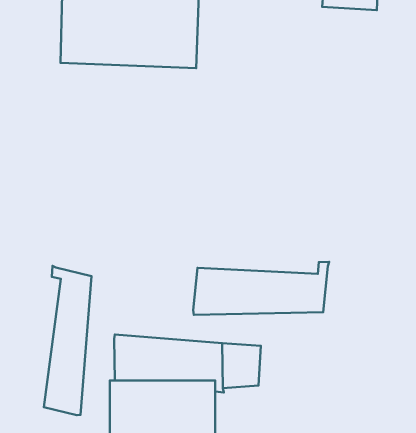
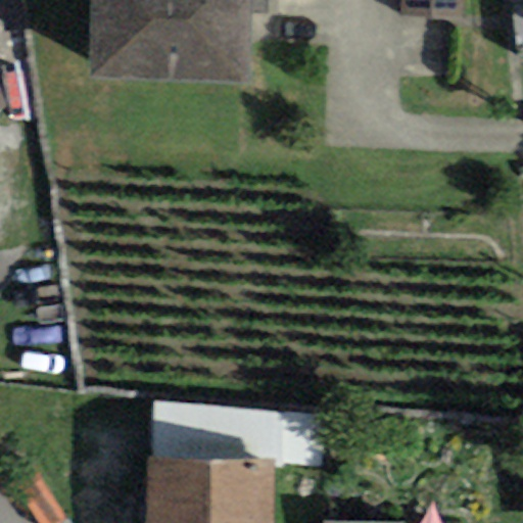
building: [193,262,329,315] -> none
building: [44,266,92,415] -> none

